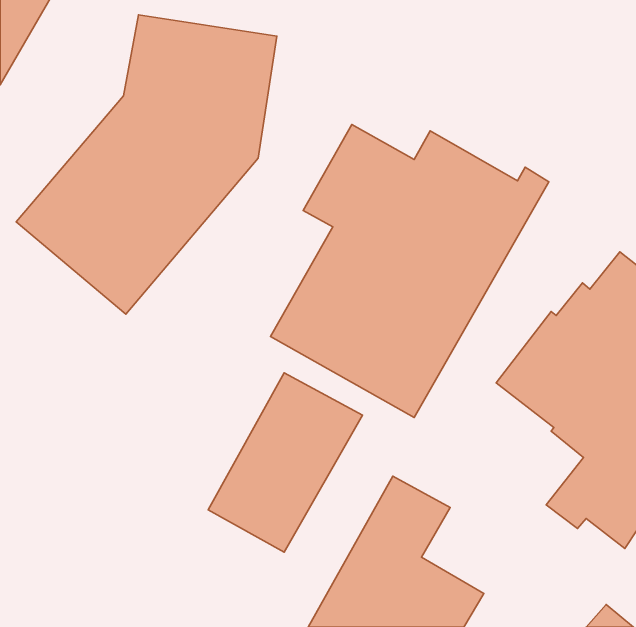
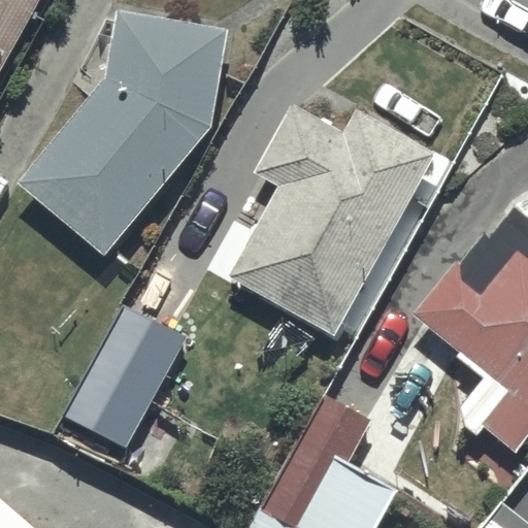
building: [208,373,363,552] -> [62,300,190,449]

